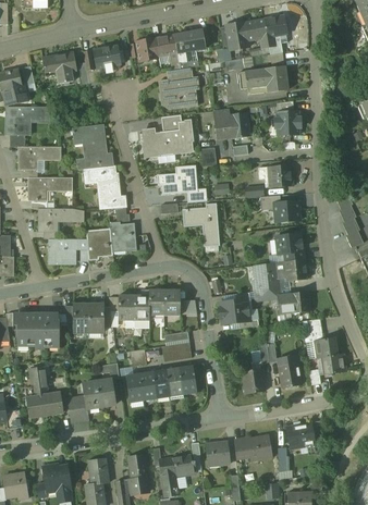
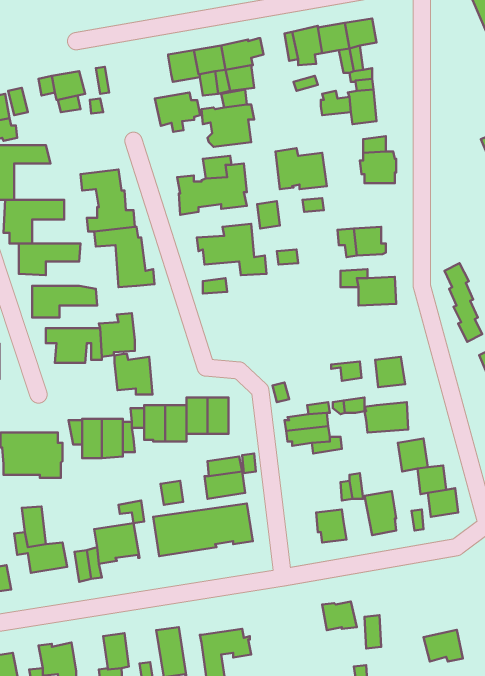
building: [93,45,125,73] -> [155,93,200,132]
building: [182,202,220,246] -> none
building: [110,221,137,250] -> [115,354,152,395]
building: [279,229,304,253] -> none
building: [286,422,315,445] -> [424,630,463,661]
building: [205,441,230,465] -> none

